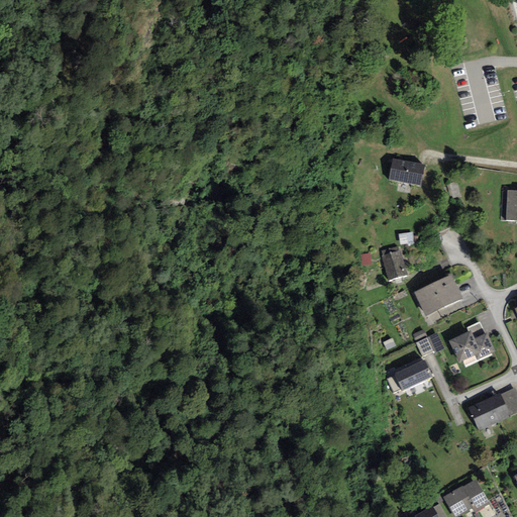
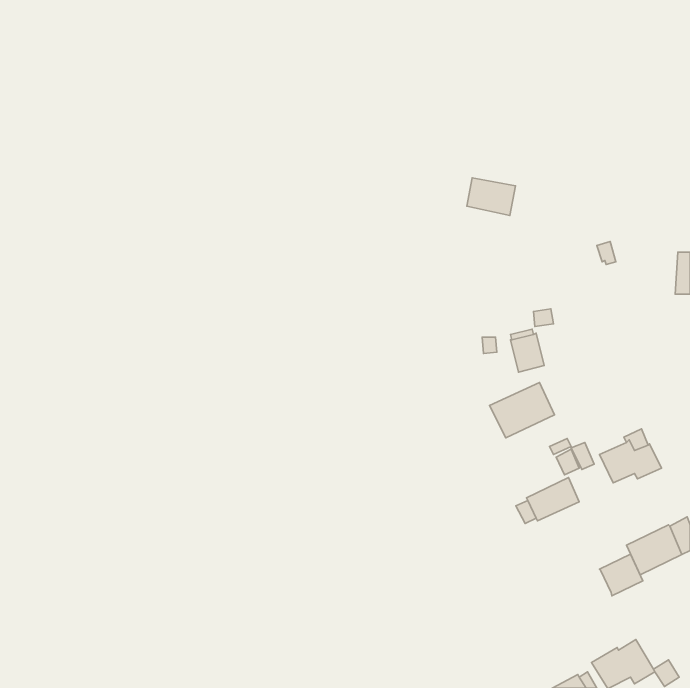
building: [389,158,425,186] -> [467,178,515,215]
building: [414,274,462,315] -> [490,382,554,438]
building: none -> [599,554,643,596]

